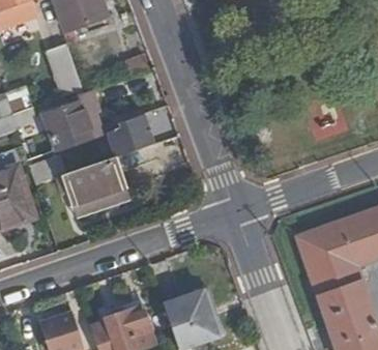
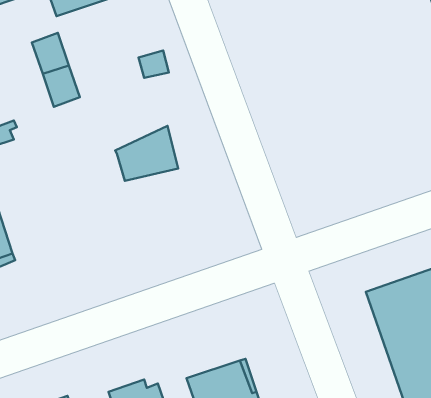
building: [45,104,89,145] -> none
building: [61,155,126,205] -> none

